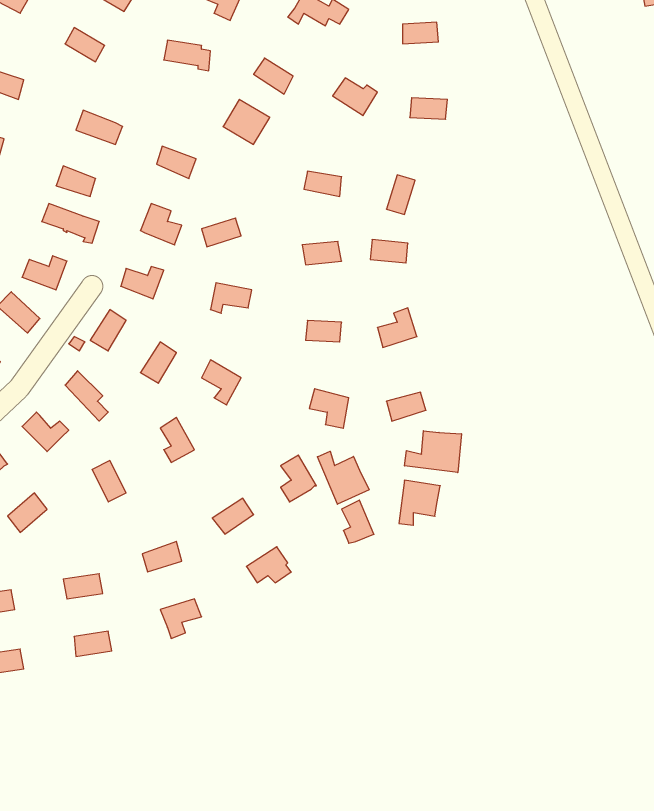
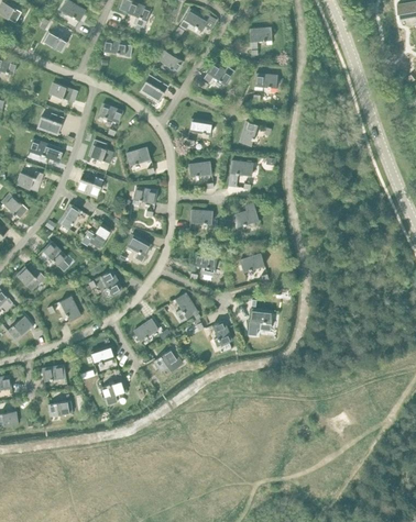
building: [405,431,461,473] -> none
building: [317,451,369,504] -> none

